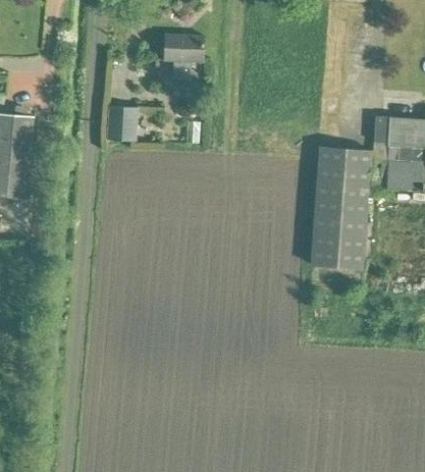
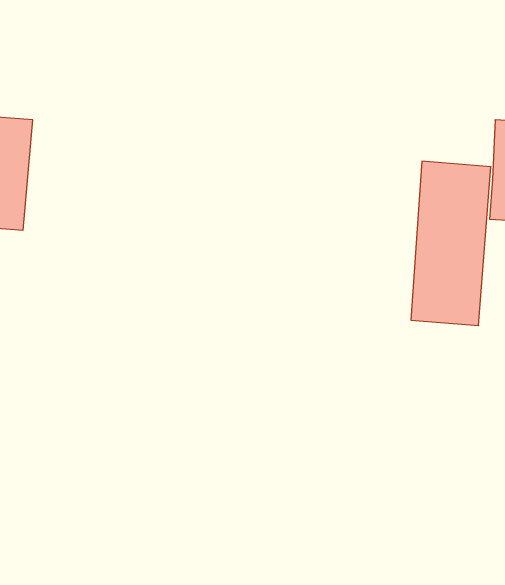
building: [165,35,205,78] -> none
building: [107,106,140,142] -> none

